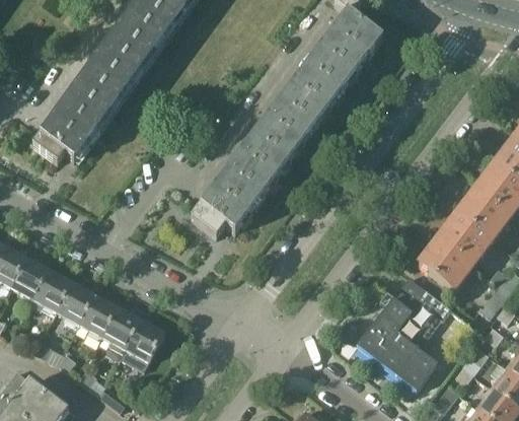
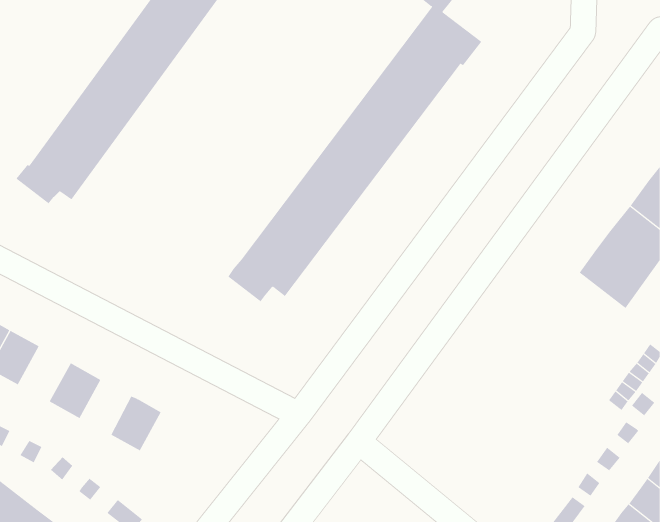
building: [419,213,492,290] -> none
building: [30,269,72,310] -> none
building: [357,276,451,390] -> none
building: [79,294,118,336] -> none
building: [120,319,164,369] -> none

